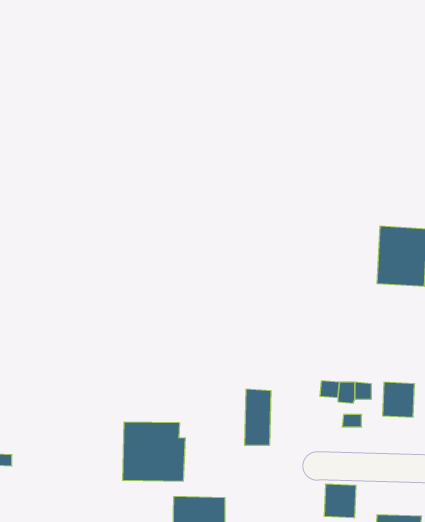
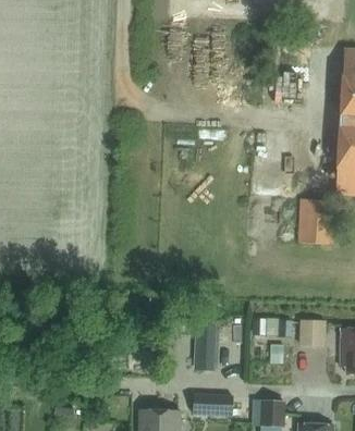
building: [123,422,185,481] -> none
building: none -> [193,393,234,416]

